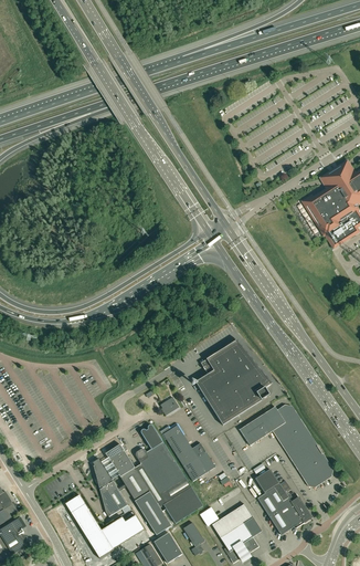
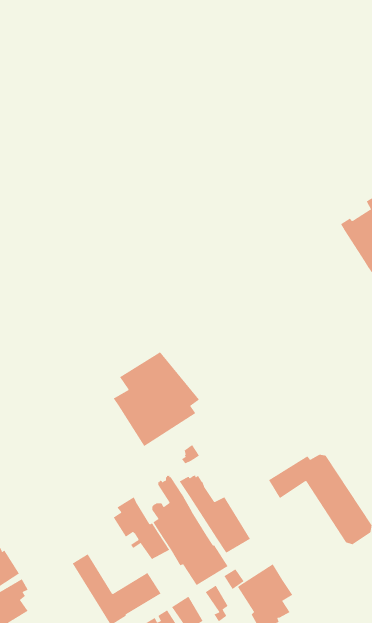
building: [195,339,273,424] -> [113,351,200,447]
building: [93,458,128,516] -> none
building: [255,469,313,534] -> none
building: [135,491,171,535] -> none

